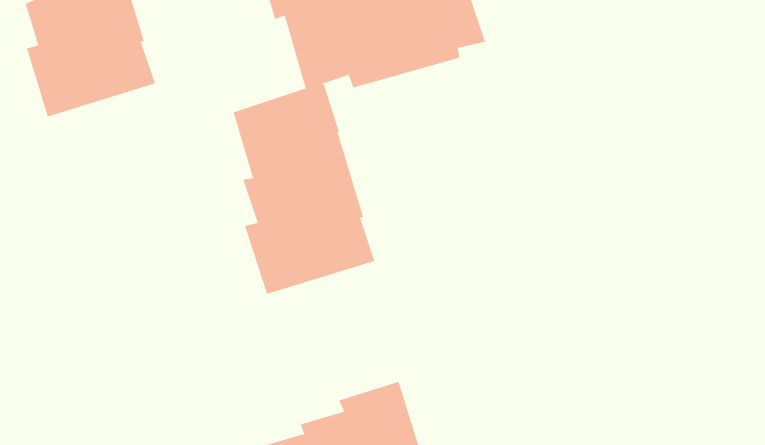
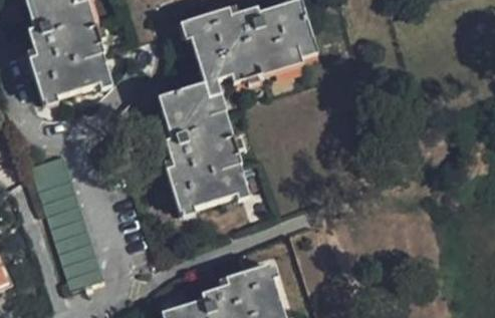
building: none -> [30,151,103,287]

